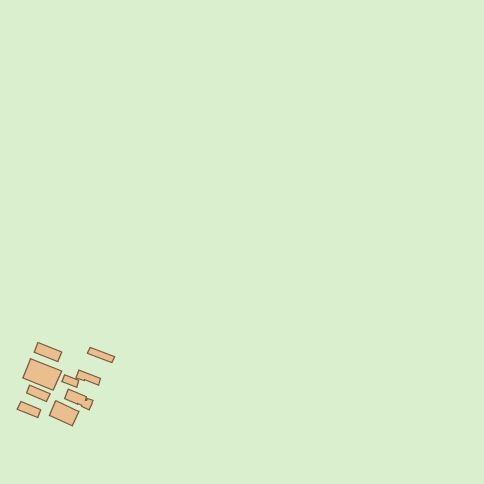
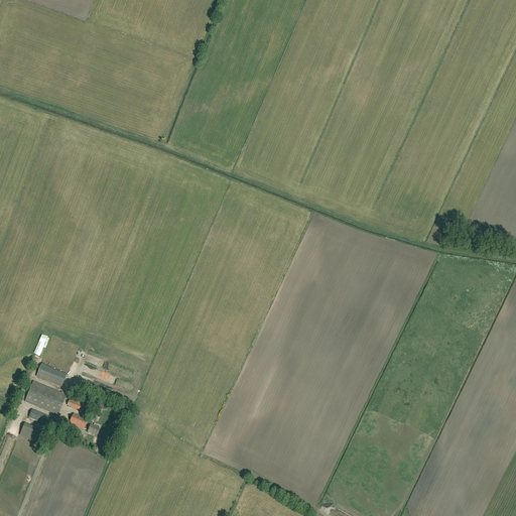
building: [50,401,79,426] -> none

